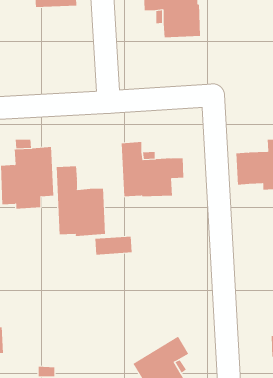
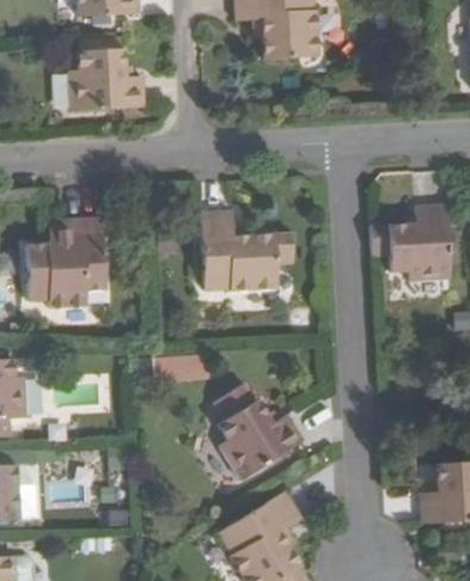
building: none -> [69,38,145,110]
building: [56,165,106,237] -> none
building: none -> [214,381,304,479]

